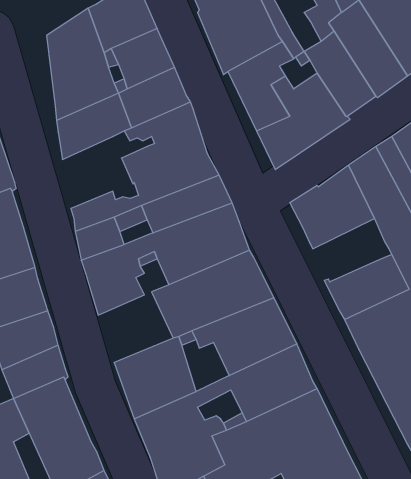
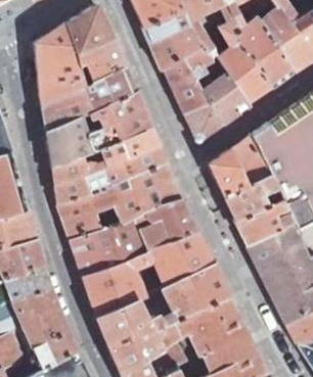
building: none -> [46,116,96,168]
building: none -> [224,175,275,220]
building: none -> [72,227,125,277]

